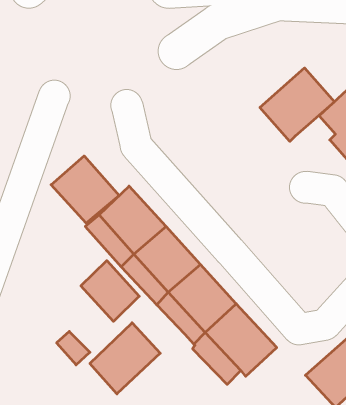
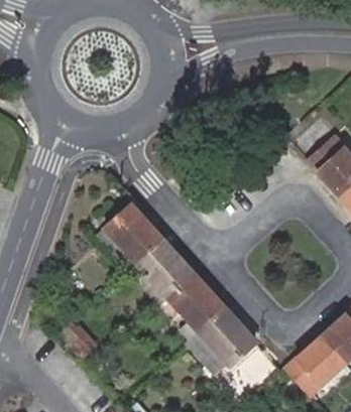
building: [260,68,334,141] -> none
building: [51,156,119,223] -> none
building: [81,261,139,321] -> none
building: [90,323,160,394] -> none

